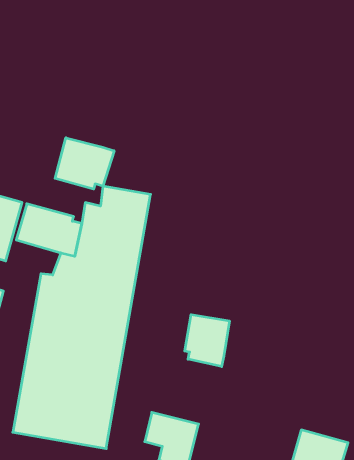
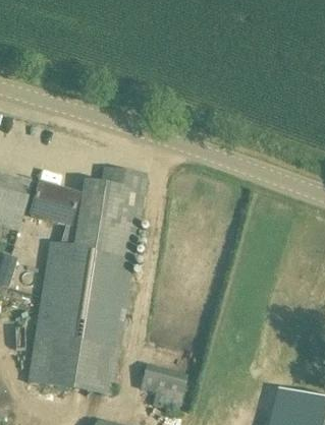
building: [55,138,114,189] -> none
building: [185,315,229,367] -> none

